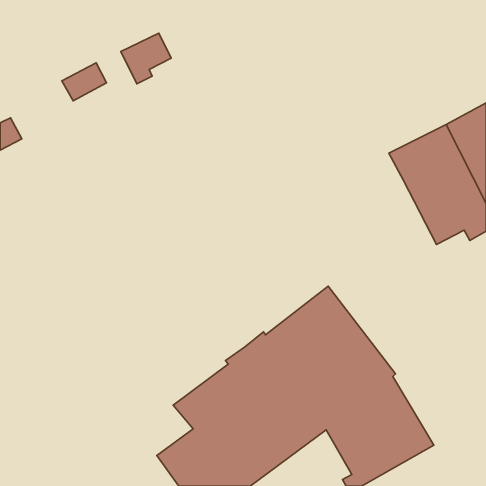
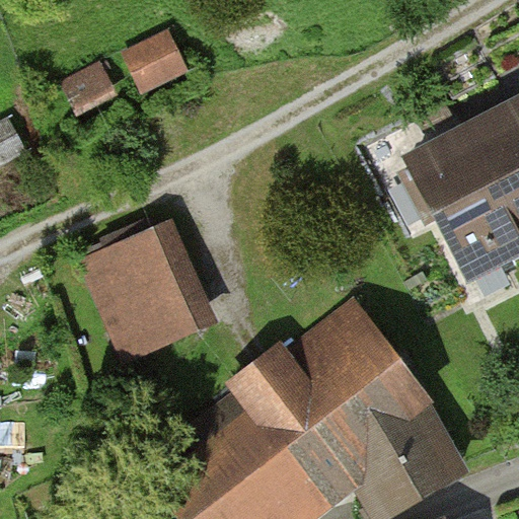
building: none -> [88,236,198,359]

